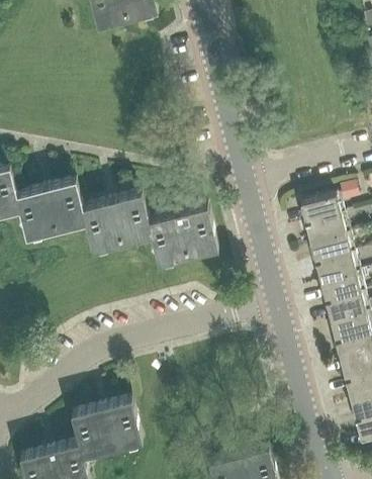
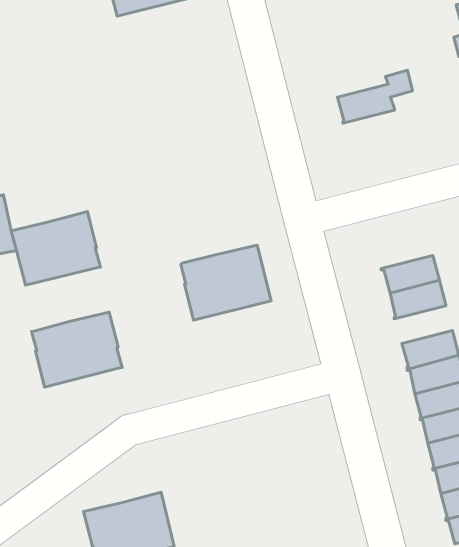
building: [300,182,359,223] -> [338,70,413,123]
building: [81,192,152,251] -> [32,312,122,387]
building: [314,253,360,282] -> none

